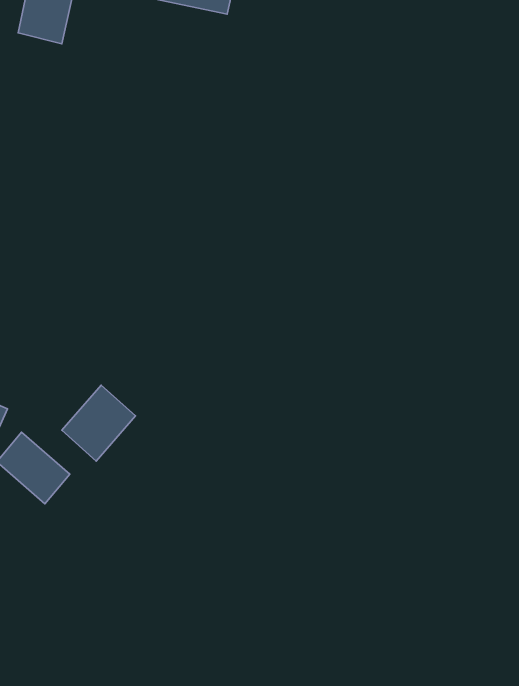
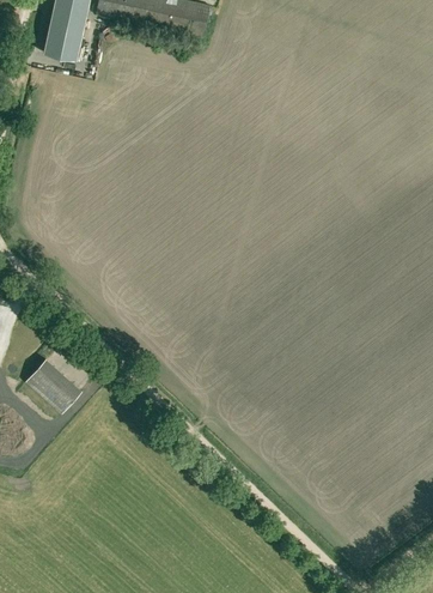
building: [62,385,136,461] -> none

